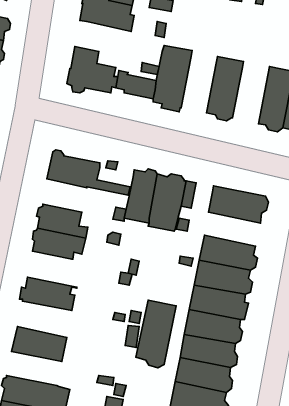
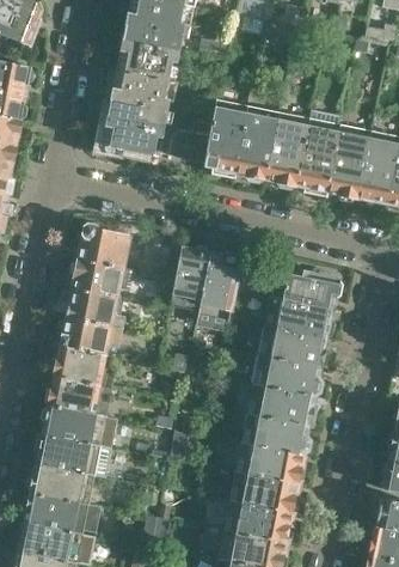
building: none -> [110,69,177,126]
building: none -> [237,105,280,183]
building: none -> [297,118,342,196]
building: none -> [70,258,134,298]
building: none -> [264,298,333,339]
building: none -> [50,345,116,388]
building: [136,300,176,368] -> none
building: none -> [41,404,106,447]
building: none -> [27,464,94,505]

